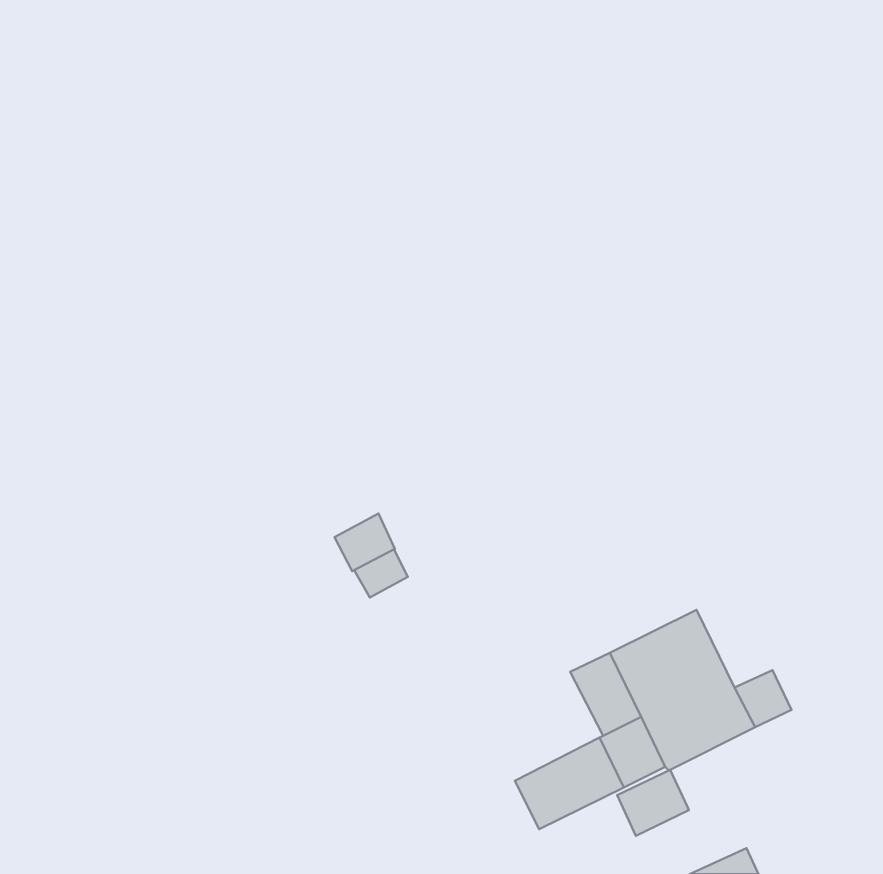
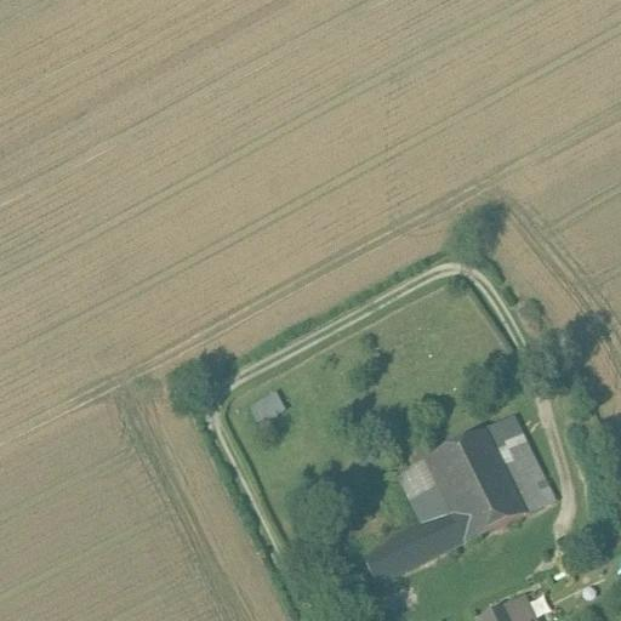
building: [335,513,395,571] -> none
building: none -> [489,415,542,483]
building: [617,770,689,836] -> none

